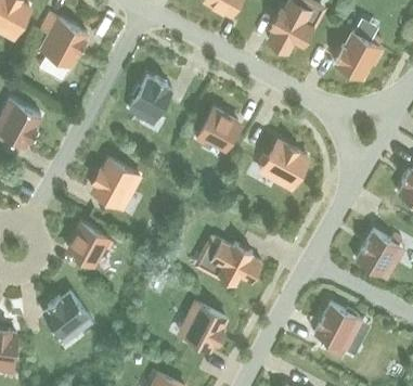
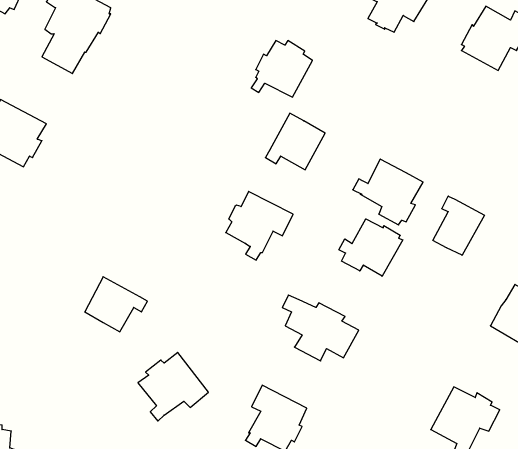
building: [129,77,172,117] -> [251,41,312,97]
building: [92,162,140,210] -> [226,191,293,260]
building: none -> [433,196,484,255]
building: none -> [339,219,403,276]
building: [42,293,92,342] -> [138,352,208,421]

